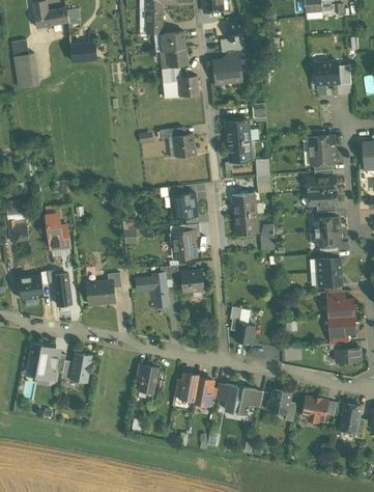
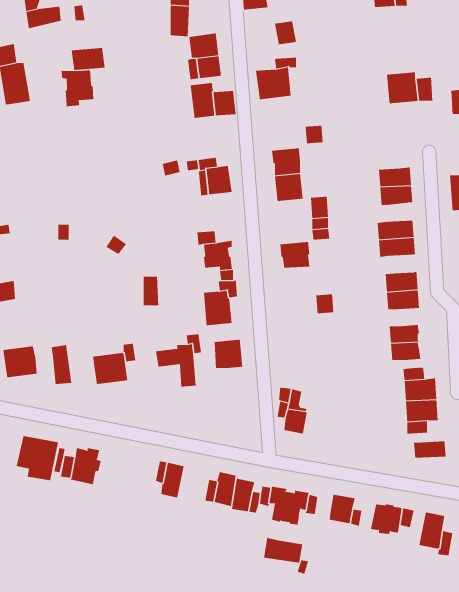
building: none -> [61,69,94,107]
building: [234,213,257,234] -> none
building: [46,214,68,248] -> none
building: none -> [263,537,303,564]

